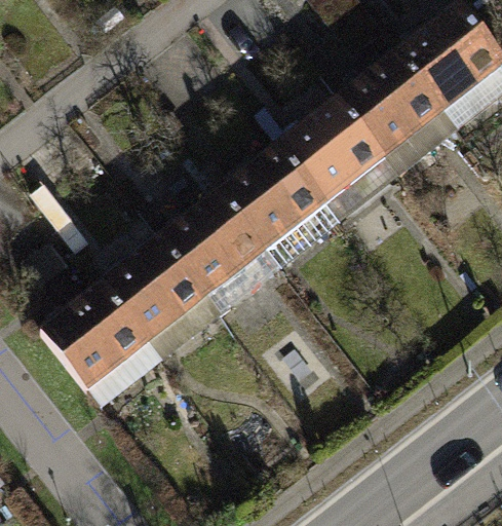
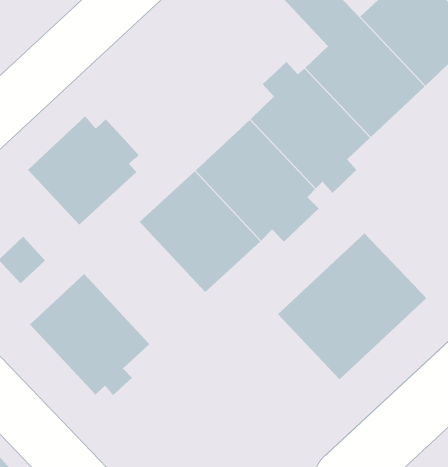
building: none -> [27,116,140,226]
building: [103,235,222,359] -> none
building: none -> [277,232,427,380]

